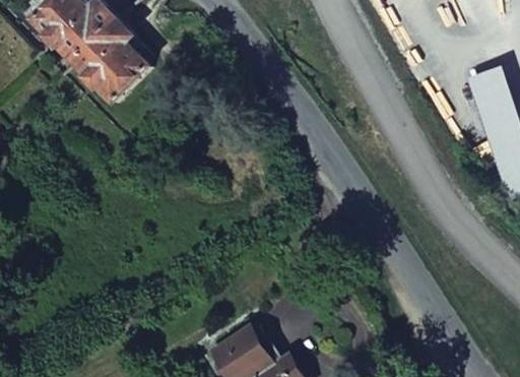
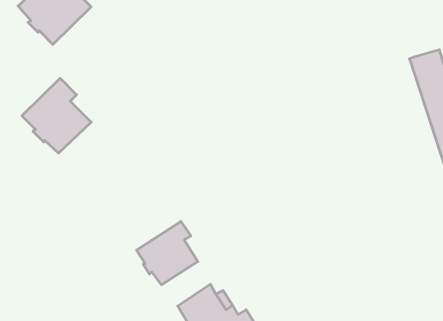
building: [72,17,149,101] -> [22,78,91,153]
building: none -> [137,221,198,285]

